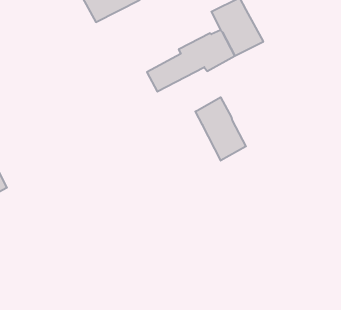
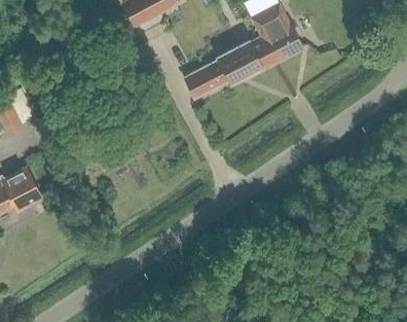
building: [195,97,246,161] -> none

